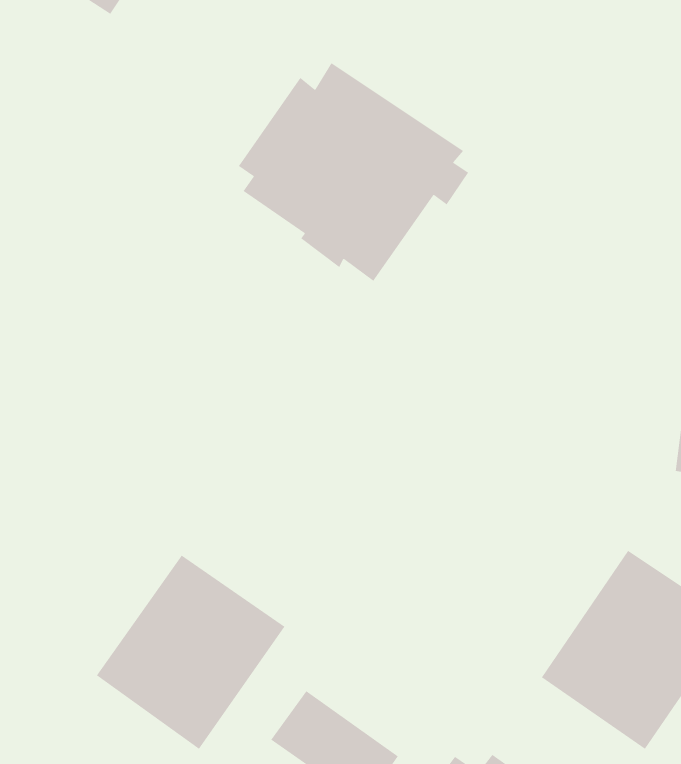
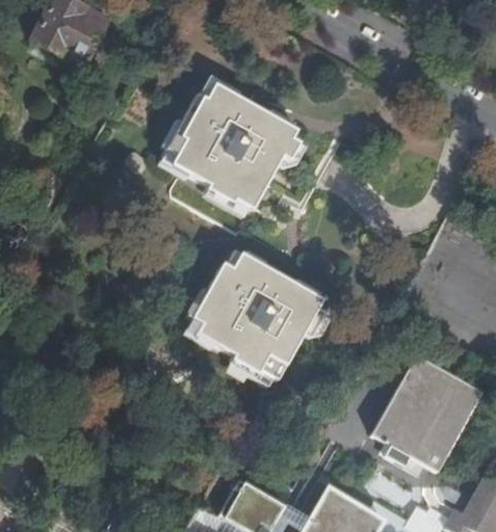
building: none -> [190,255,327,382]
building: [96,555,286,750] -> none

